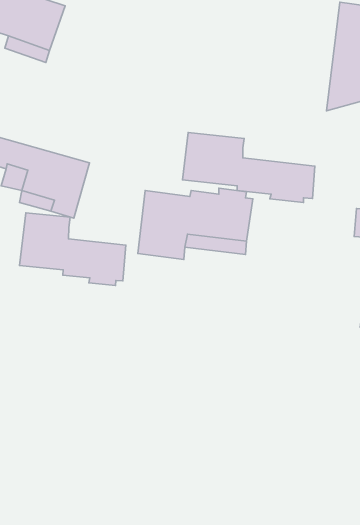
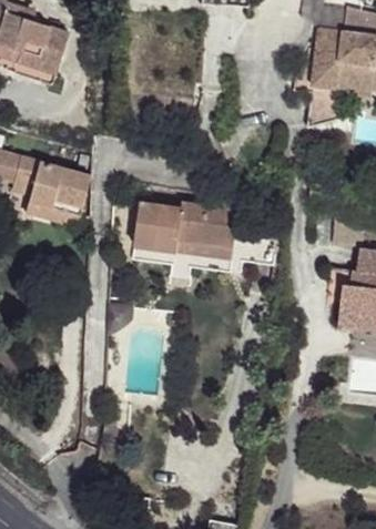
building: [182,132,315,202] -> none
building: [20,213,126,286] -> none

